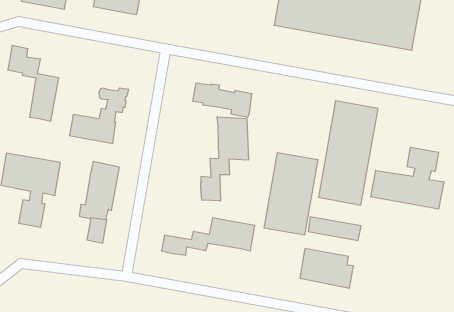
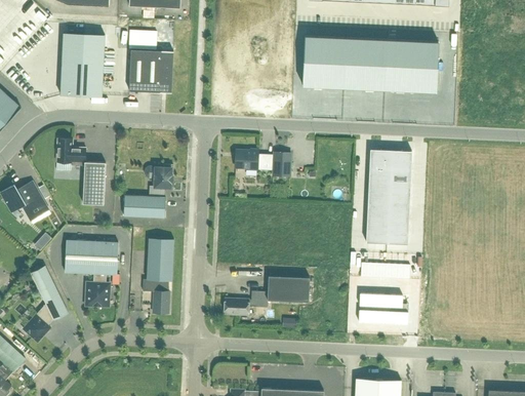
building: [201,117,248,201] -> none
building: [371,147,444,209] -> none
building: [264,152,318,235] -> none

